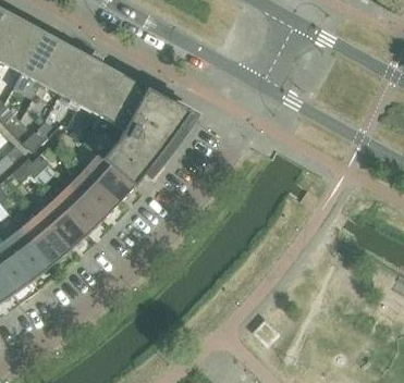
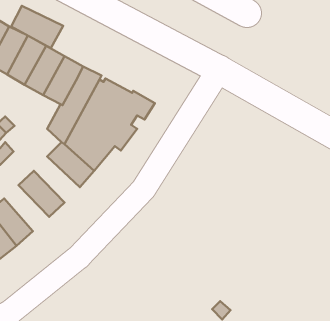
building: none -> [11,6,63,48]
building: [69,170,118,219] -> none
building: [37,200,85,249] -> none

